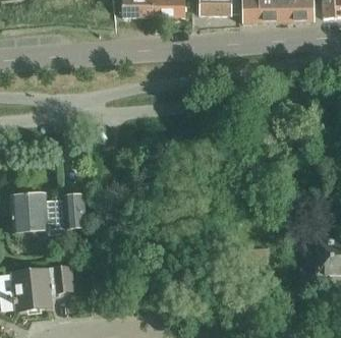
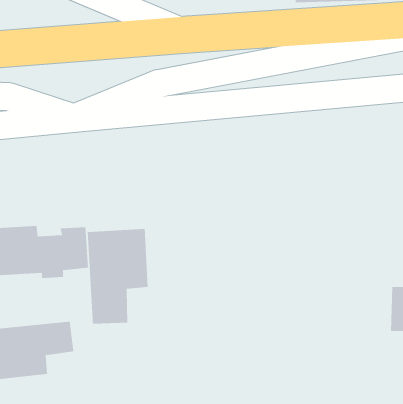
building: none -> [87,228,148,324]

